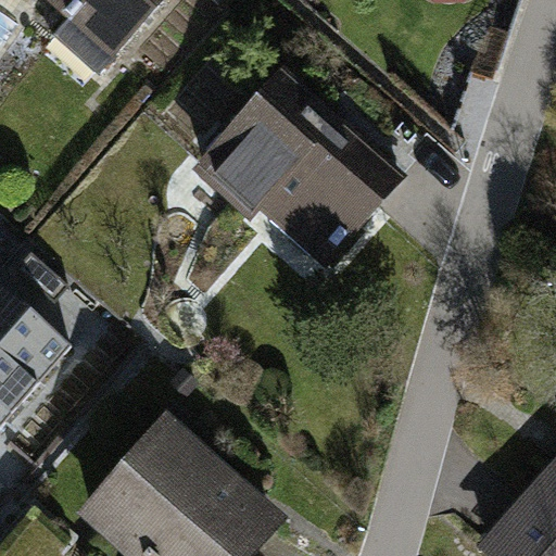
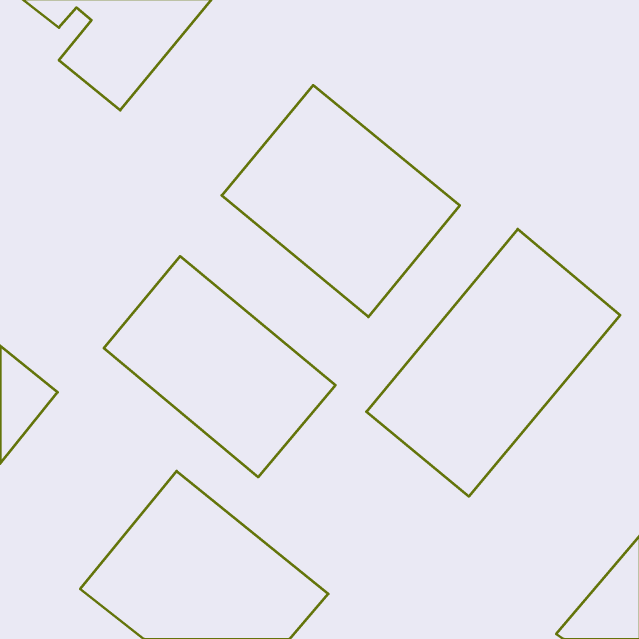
building: none -> [366,229,620,496]
building: none -> [104,256,335,477]

